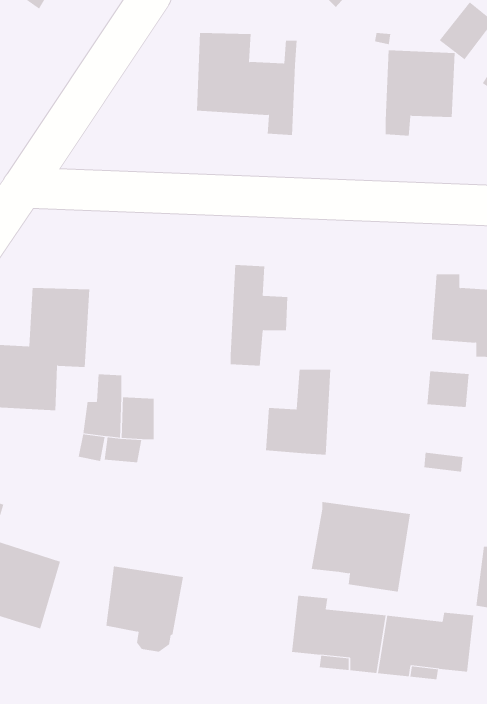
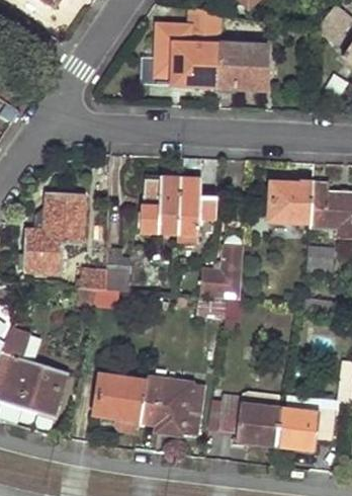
building: [385,50,456,136] -> [218,44,265,100]
building: none -> [139,174,180,235]
building: none -> [268,180,313,222]
building: [311,502,411,592] -> [140,376,205,435]

